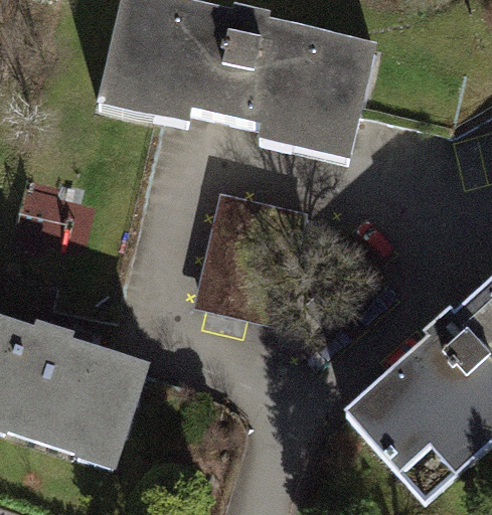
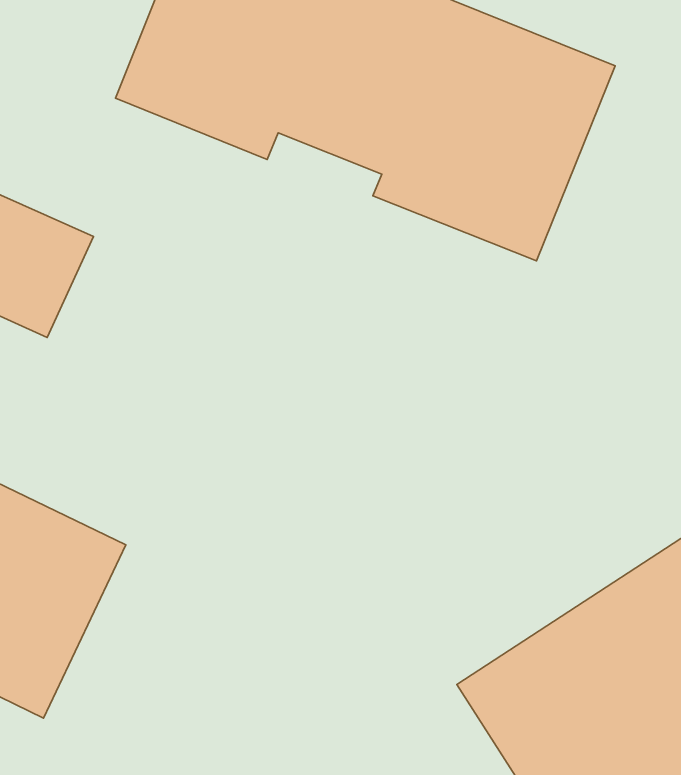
building: [194,193,284,319] -> none

